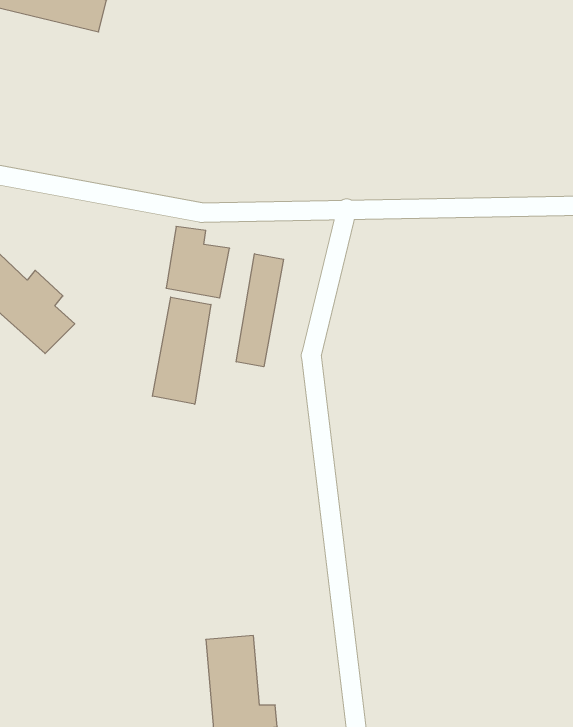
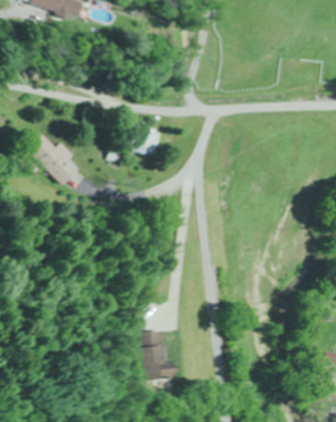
building: [236,254,284,367] -> none
building: [152,297,211,404] -> none

